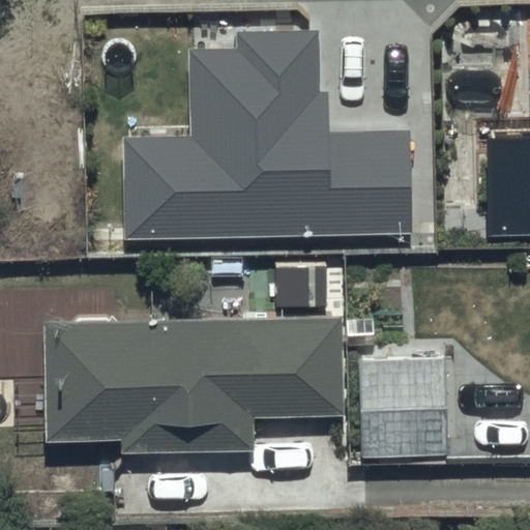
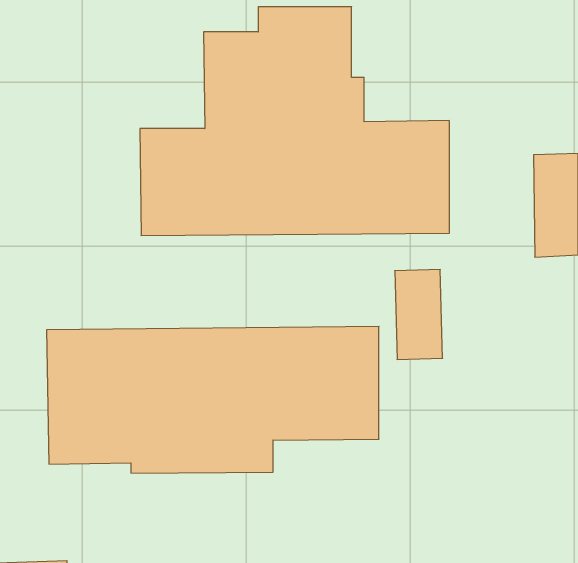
building: [358,351,445,468] -> none

